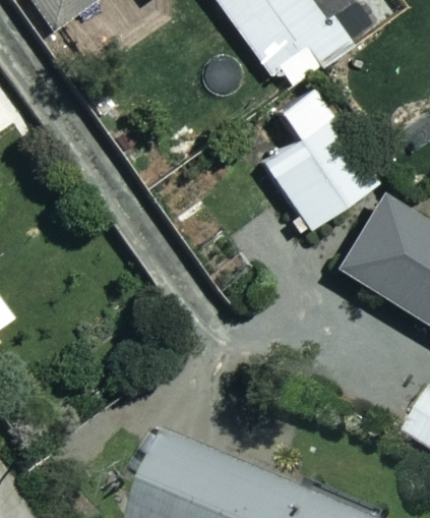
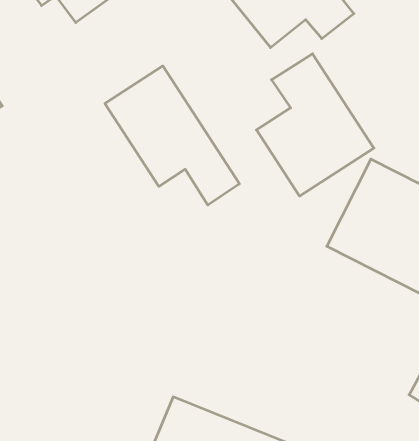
building: none -> [105,66,239,205]

